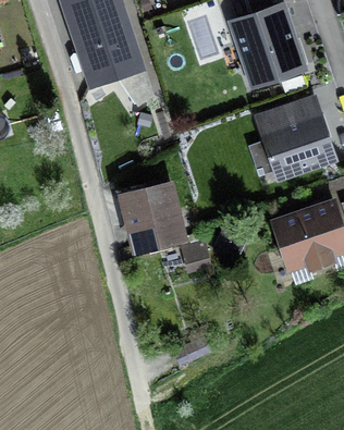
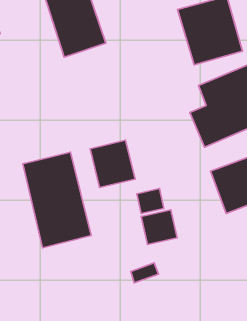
building: none -> [23,152,91,248]
building: none -> [141,210,177,245]

